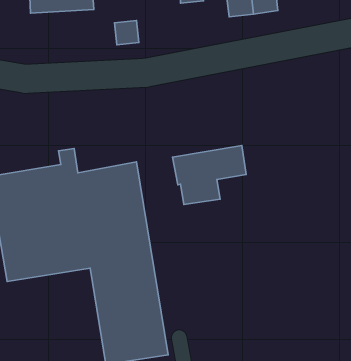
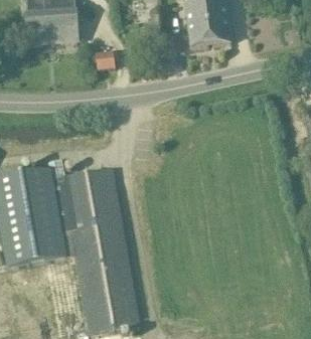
building: [172,146,246,205] -> none

